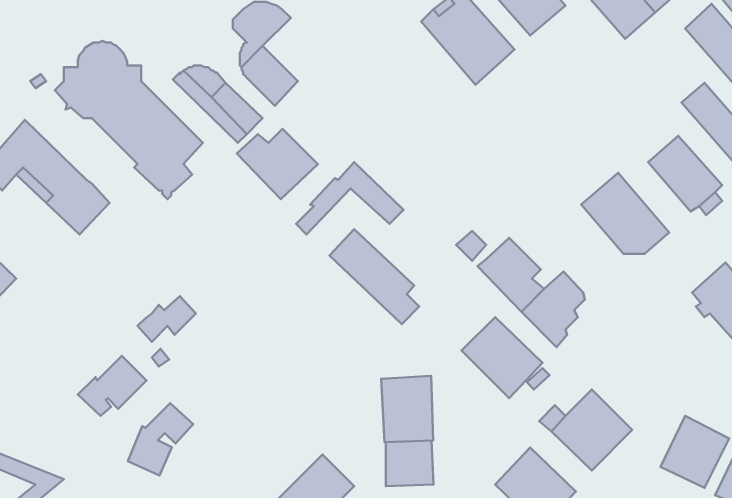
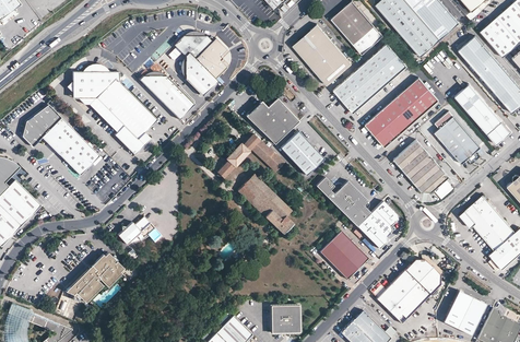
building: none -> [196,39,229,81]
building: none -> [334,44,406,113]
building: none -> [365,76,439,146]
building: [237,129,318,199] -> [248,101,298,144]
building: none -> [281,130,323,173]
building: none -> [400,259,439,298]
building: [381,376,433,442] -> none
building: [128,403,193,475] -> [55,276,95,321]

